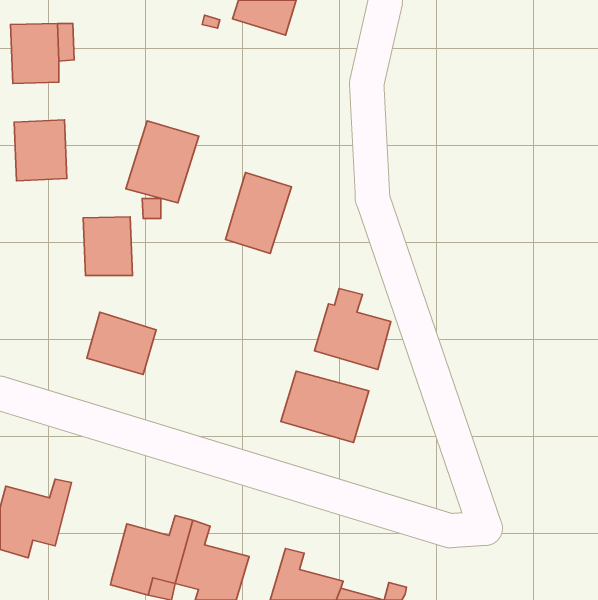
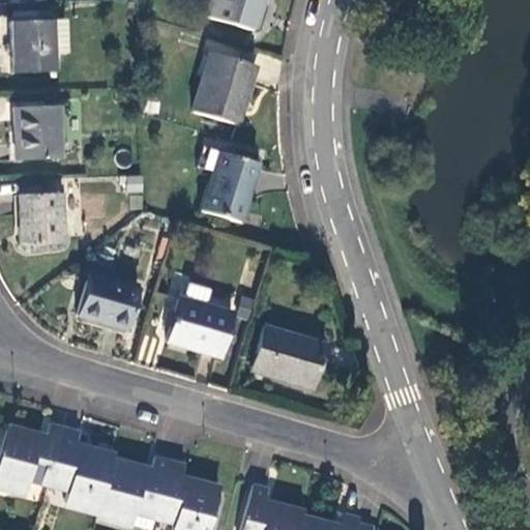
building: [126,121,199,203] -> [193,53,257,125]
building: [83,217,132,275] -> [20,194,63,245]
building: [314,289,391,370] -> [167,286,234,357]
building: none -> [51,425,115,511]

